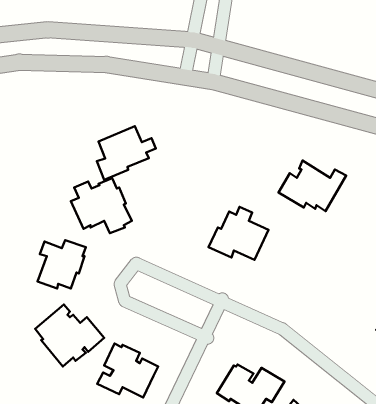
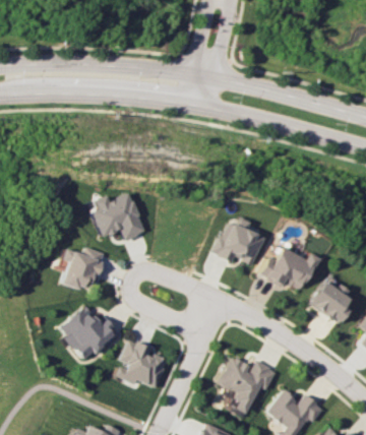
building: [97,126,156,180] -> none
building: [278,160,346,211] -> [259,245,319,290]
building: none -> [309,279,351,324]

